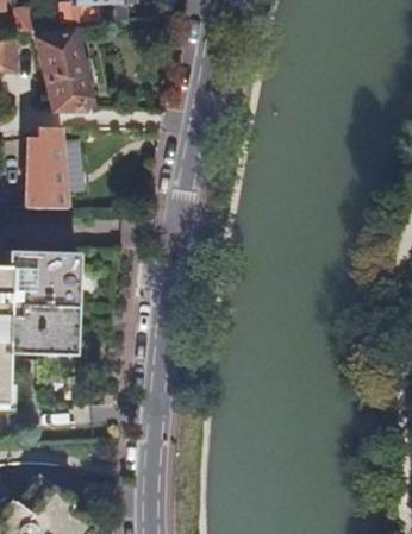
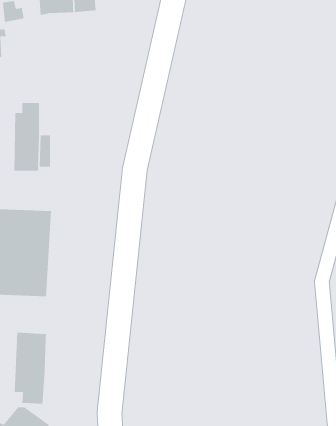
building: [38,30,94,111] -> none
building: none -> [14,332,46,405]

